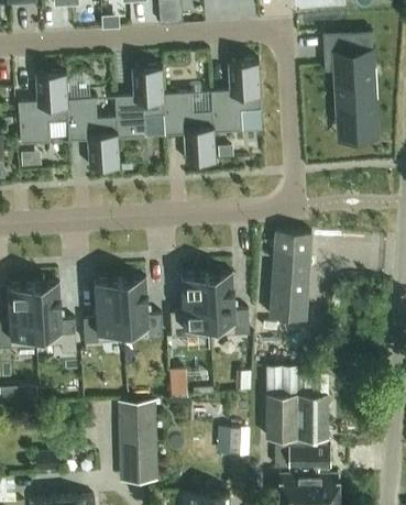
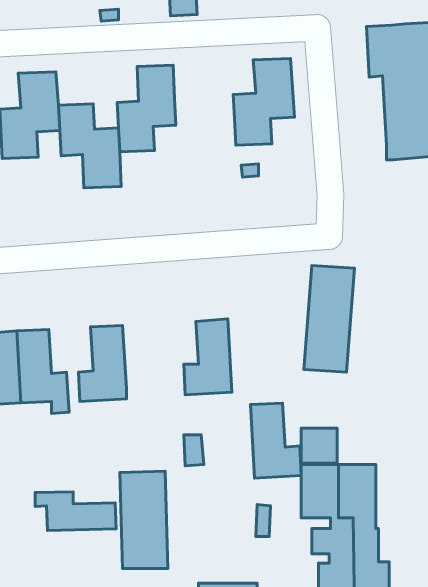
building: [163,91,216,162] -> none
building: [207,274,249,336] -> [250,403,301,478]
building: [120,278,162,340] -> none
building: none -> [35,492,116,531]

